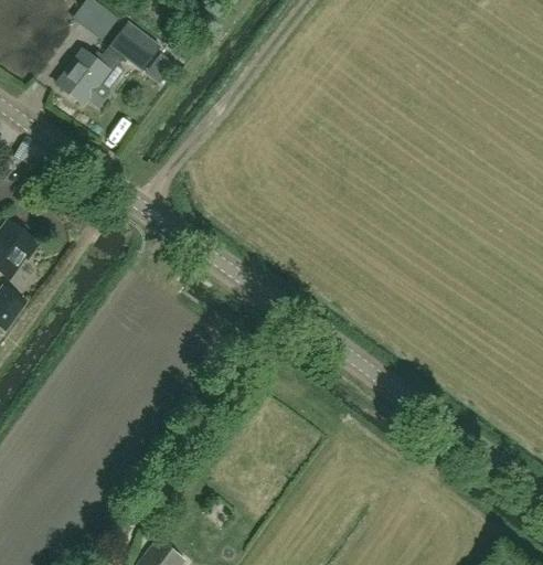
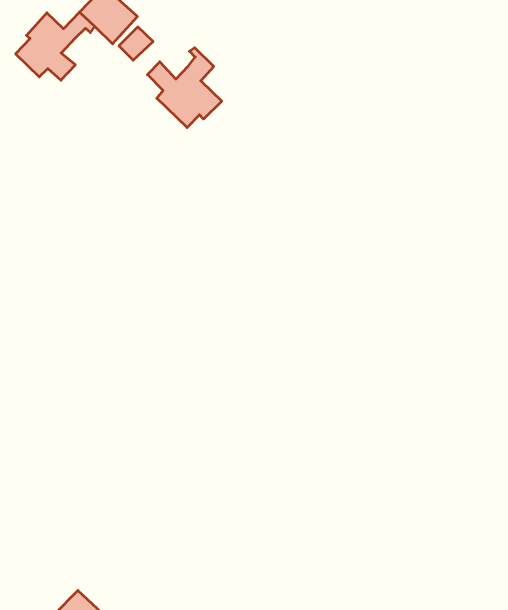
building: none -> [147,48,222,128]

